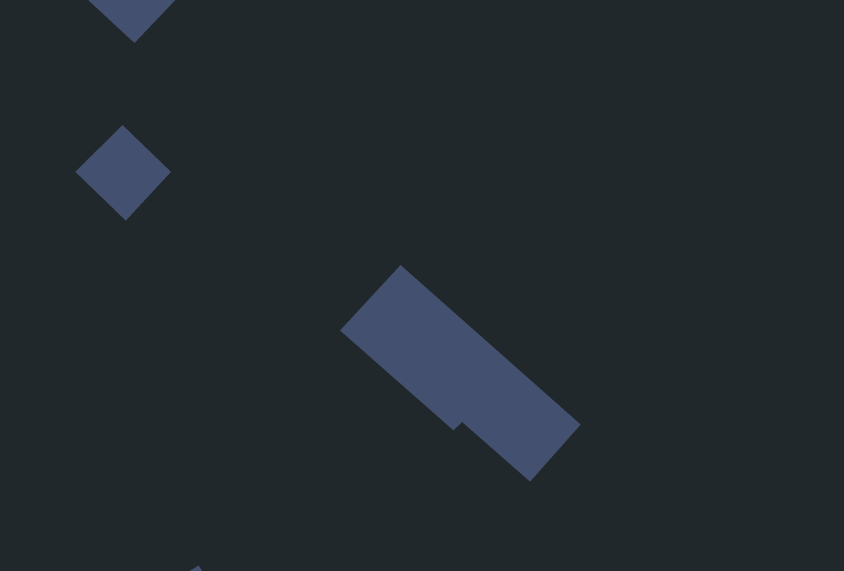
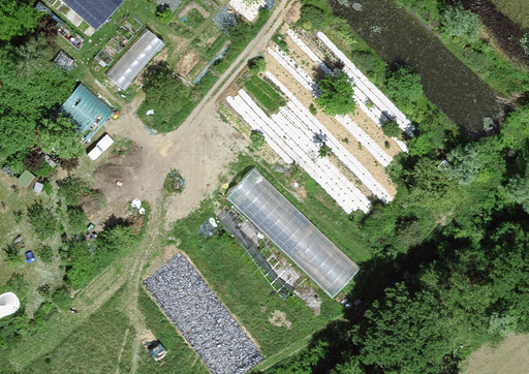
building: none -> [105,28,165,88]

